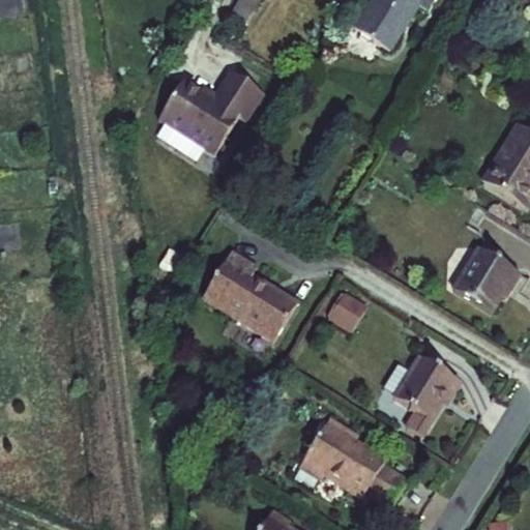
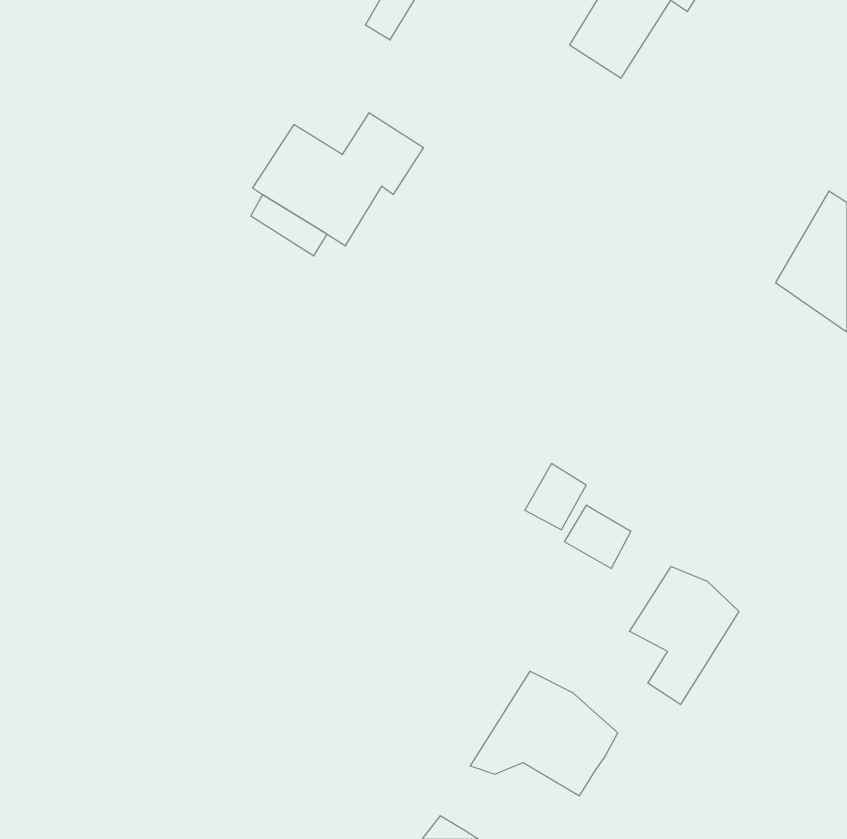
building: [454,246,523,312] -> none
building: [201,249,298,342] -> none
building: none -> [565,505,631,569]

